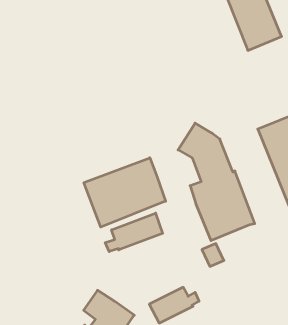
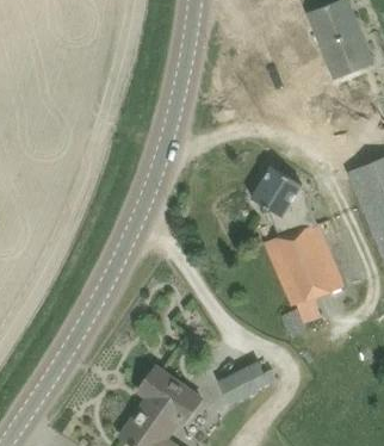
building: [84,158,166,227] -> none
building: [105,213,163,252] -> none

